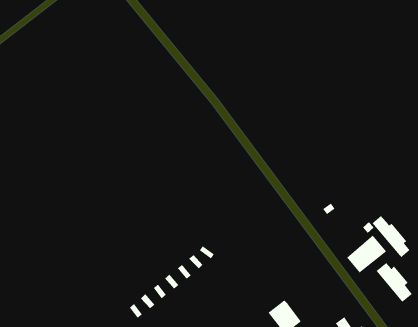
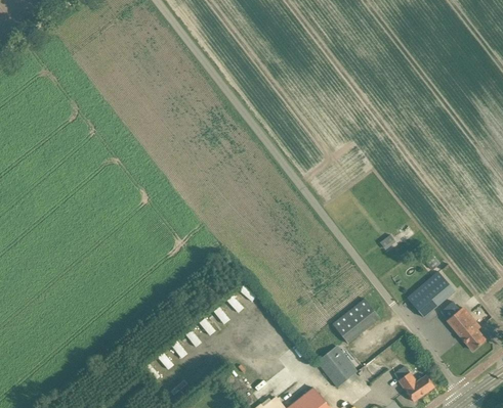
building: [372,215,410,258] -> none
building: none -> [333,300,380,344]

